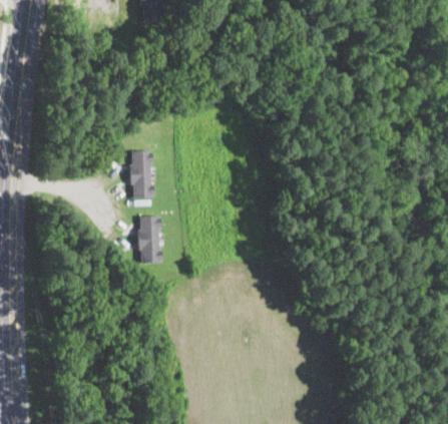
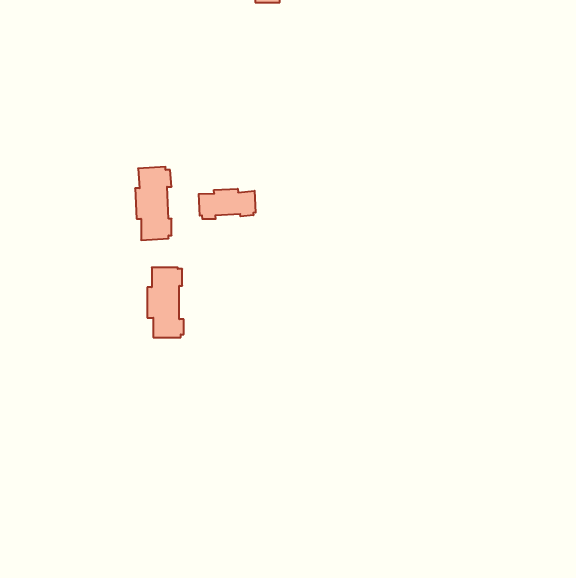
building: none -> [199,189,256,219]

